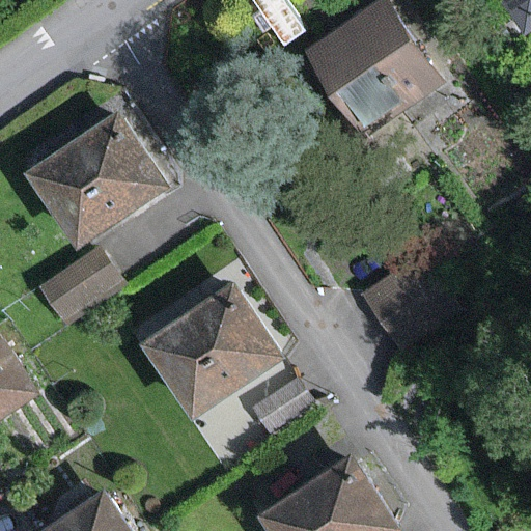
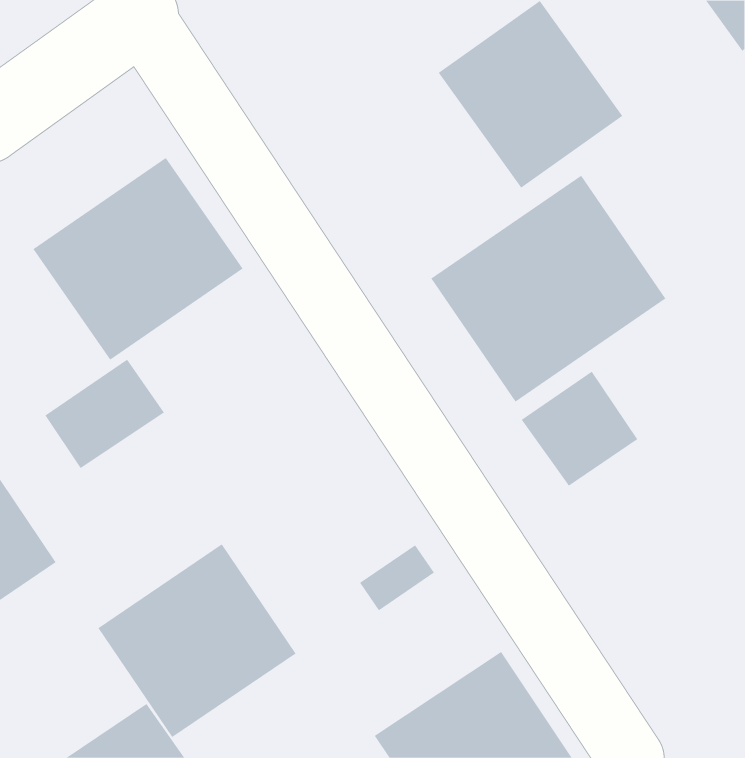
building: none -> [430,175,666,402]
building: [143,282,282,418] -> [98,544,296,738]

